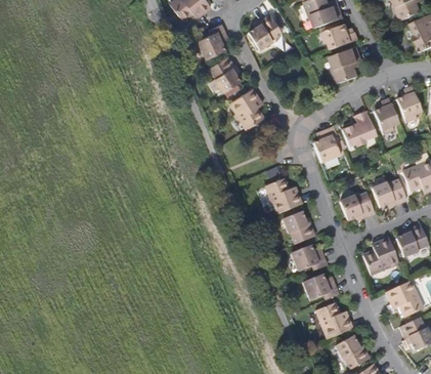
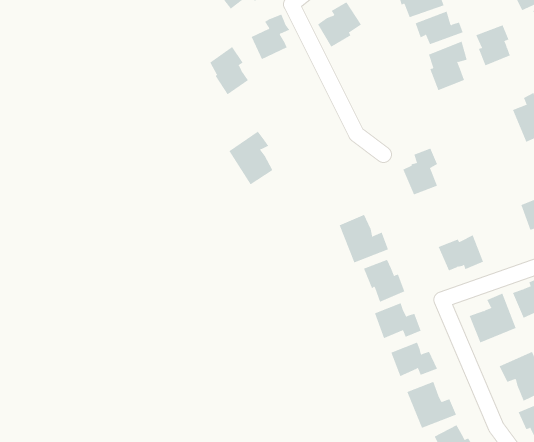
building: none -> [476,25,511,66]
building: [210,55,240,92] -> [210,46,249,95]
building: [229,88,263,129] -> [229,131,273,185]
building: [374,97,398,134] -> none
building: [341,110,376,147] -> none
building: [372,179,405,206] -> none

